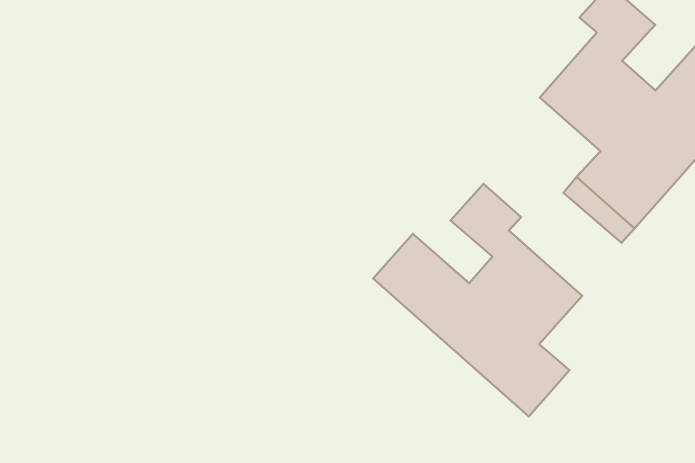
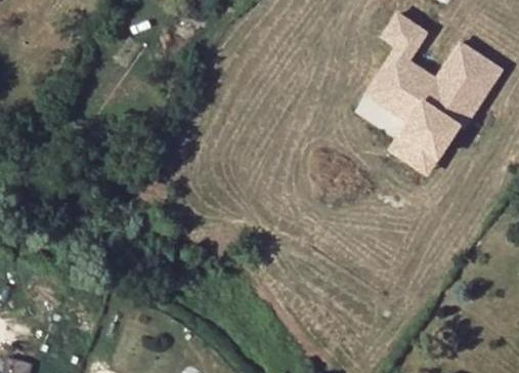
building: [373,184,582,416] -> none

